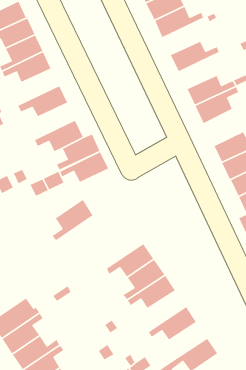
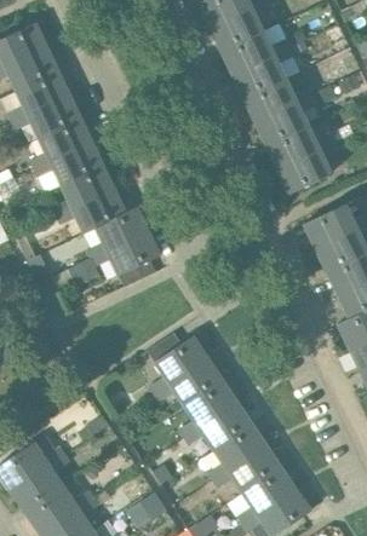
building: none -> [234,47,296,98]
building: none -> [257,94,317,145]
building: none -> [30,117,92,168]
building: none -> [53,165,115,215]
building: [51,199,94,241] -> [150,335,208,393]
building: none -> [208,423,268,480]
building: none -> [239,467,297,524]

